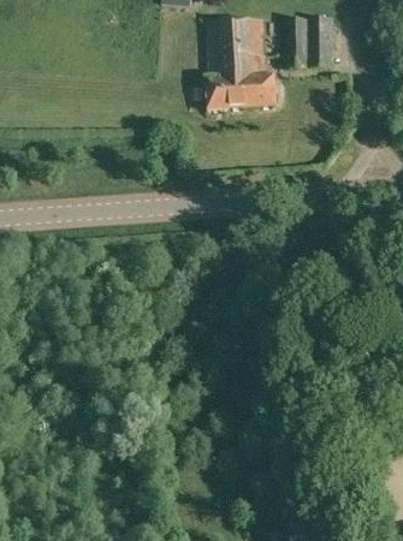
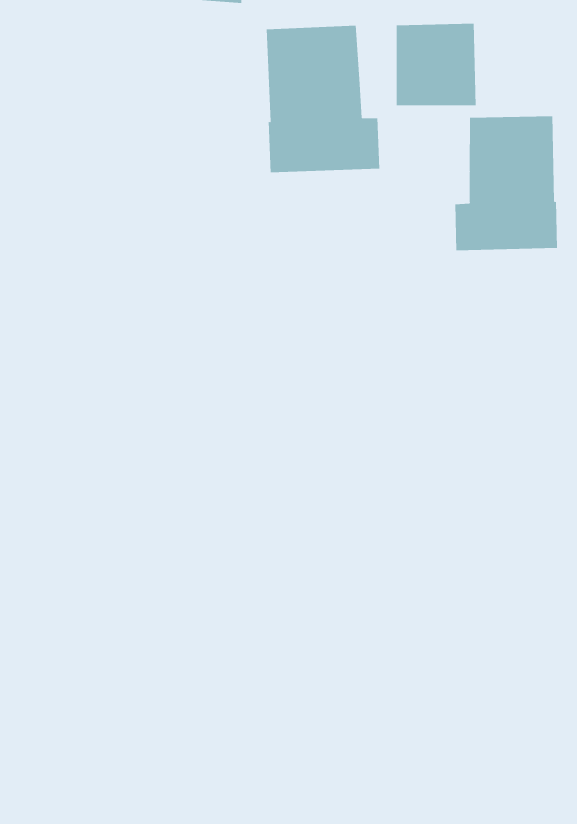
building: none -> [455,116,557,251]

